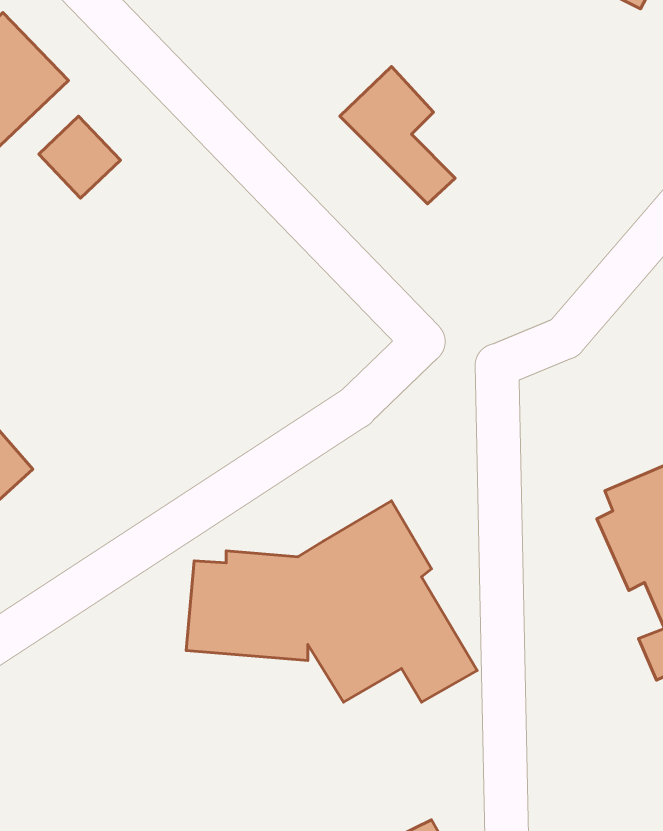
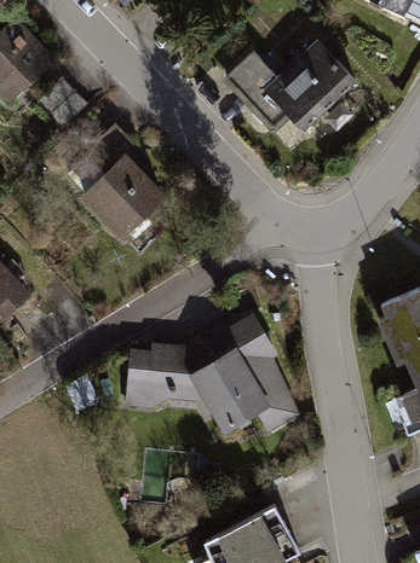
building: none -> [264,37,359,132]
building: none -> [81,124,165,236]

